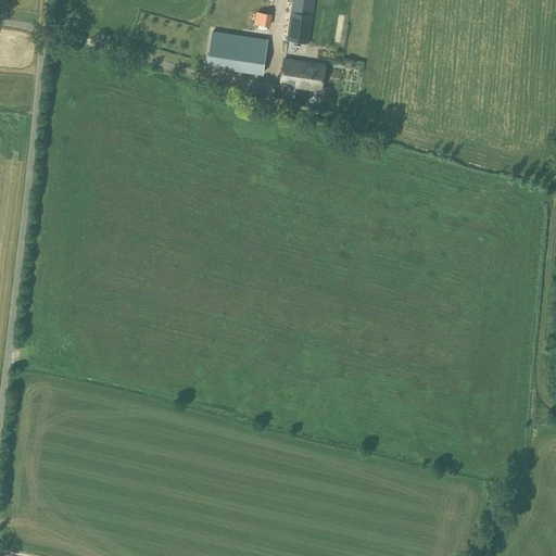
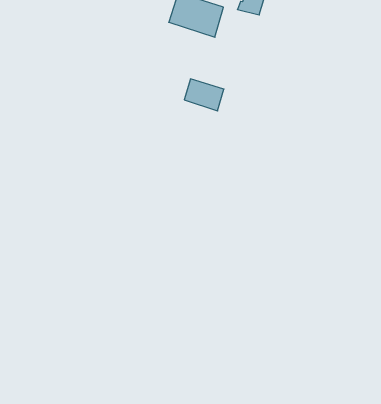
building: [281,59,325,90] -> [184,79,224,111]

